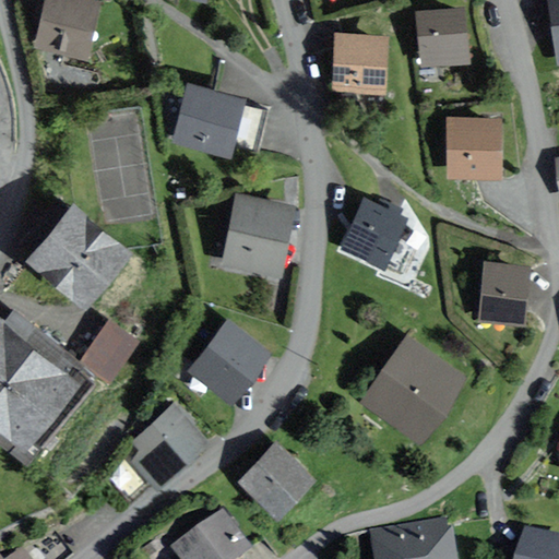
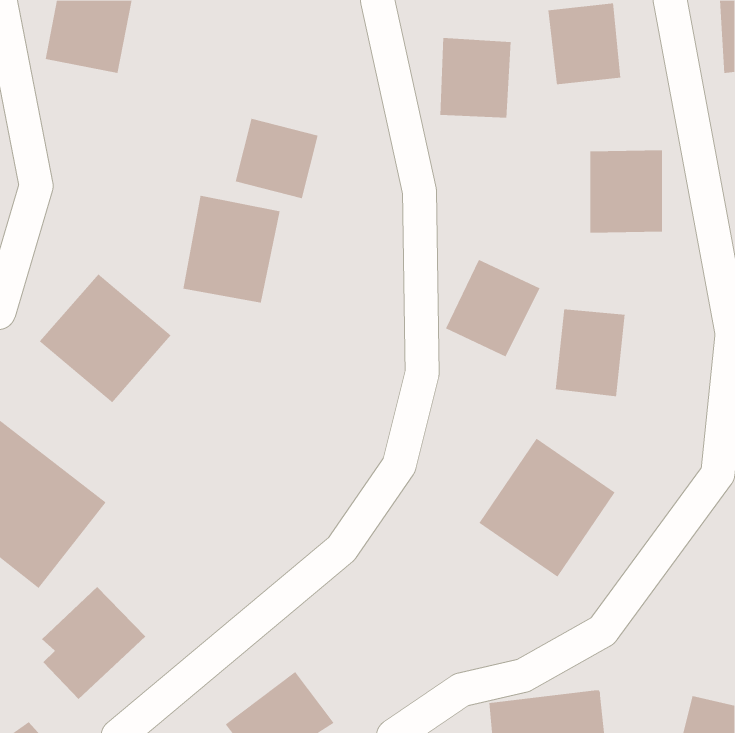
building: [222,194,296,276] -> [182,195,280,303]
building: [478,260,532,326] -> [555,309,625,397]
building: [78,314,139,378] -> none
building: [188,317,275,404] -> none
building: [131,404,211,490] -> [41,586,146,700]
building: [240,440,316,515] -> none

